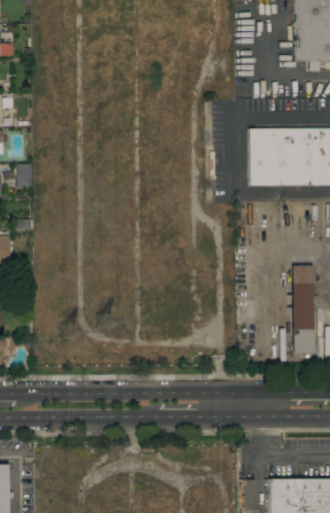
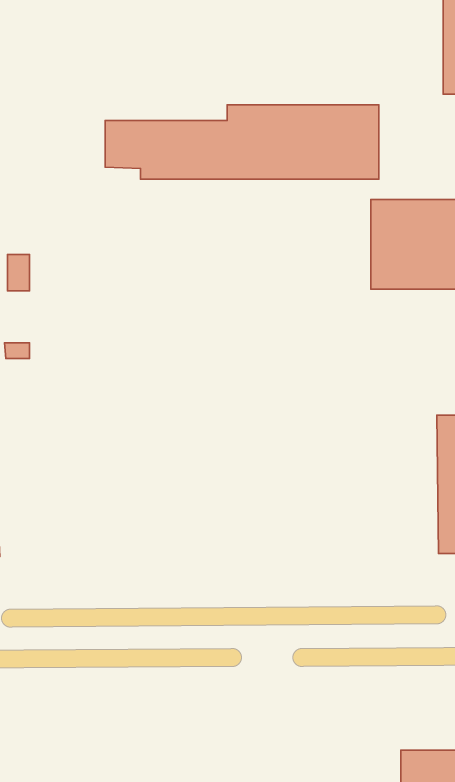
building: none -> [105,105,379,179]

